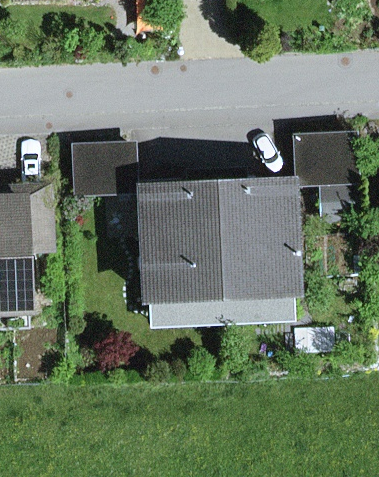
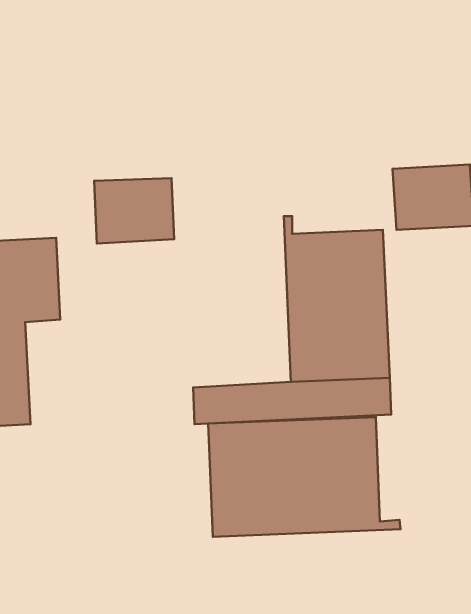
building: [142,171,219,297] -> none
building: none -> [208,417,400,537]

